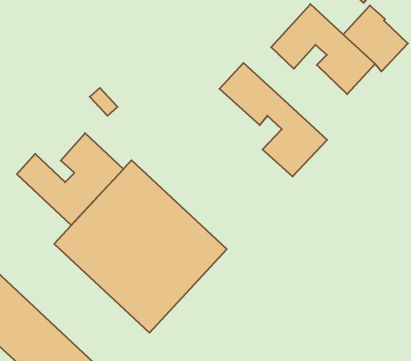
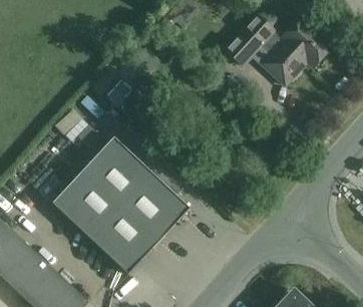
building: [219,63,327,177] -> none
building: [17,133,123,225] -> none

